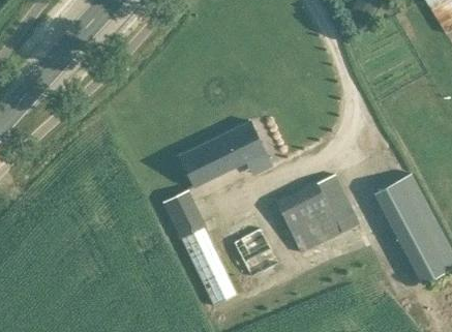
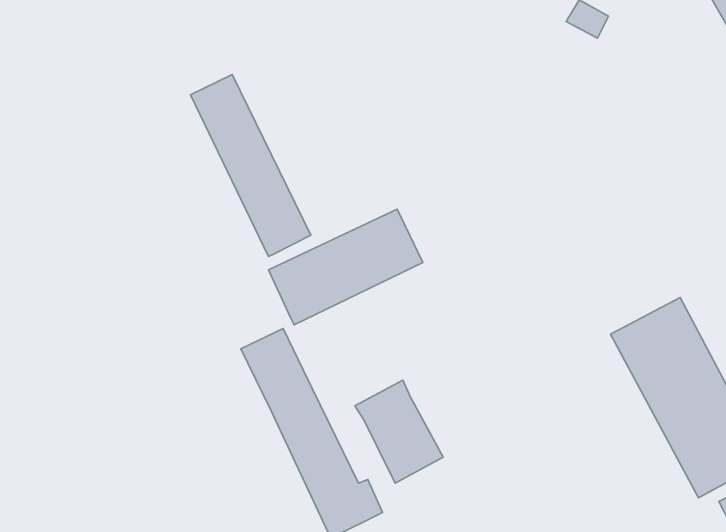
building: none -> [191,75,311,257]
building: [276,177,352,254] -> none

